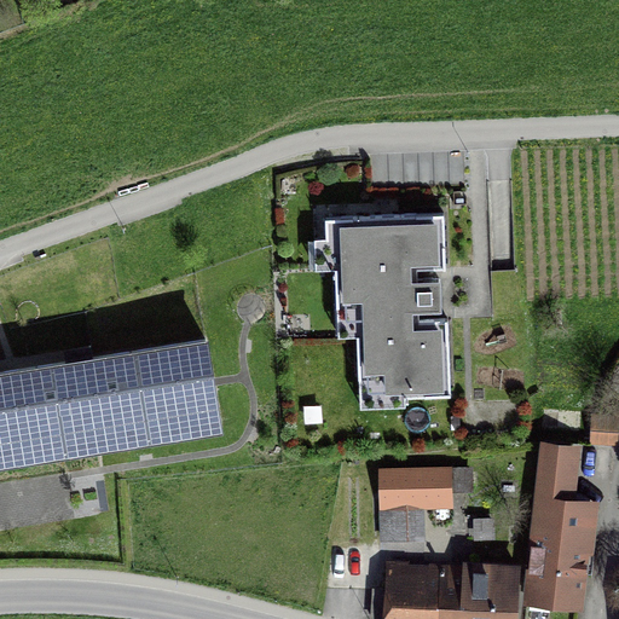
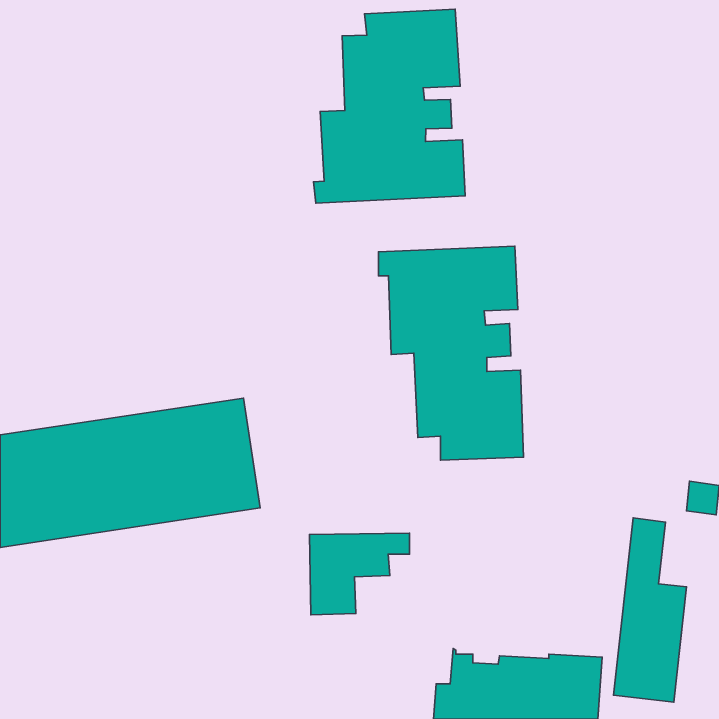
building: none -> [314,9,465,203]
building: [382,468,468,538] -> [309,533,409,615]

